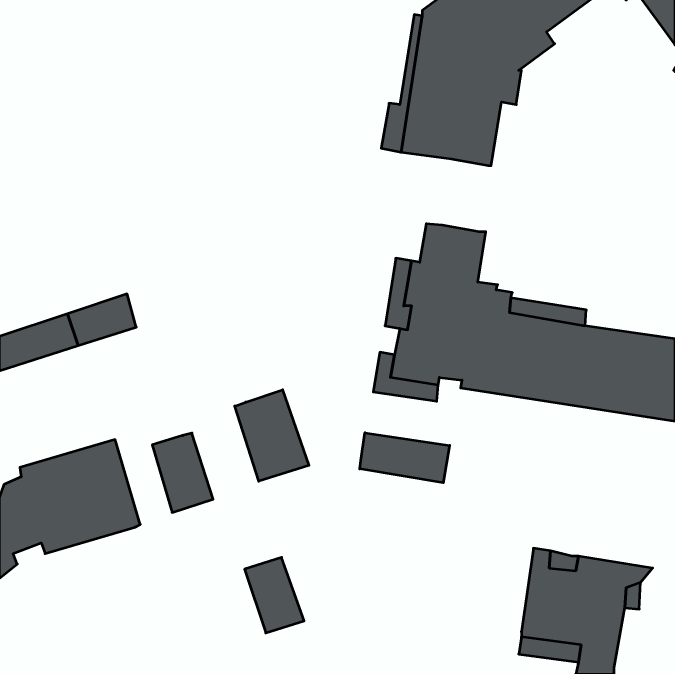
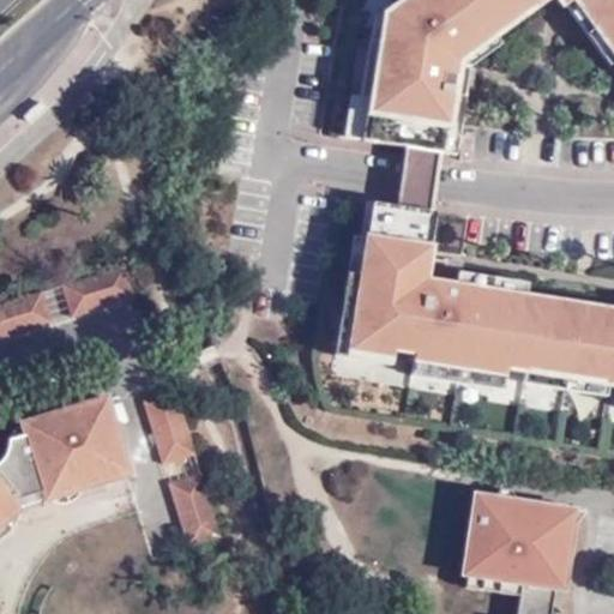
building: none -> [401,144,443,210]
building: [235,390,309,481] -> none
building: [360,433,450,483] -> none
building: [245,557,304,633] -> [164,471,218,540]

